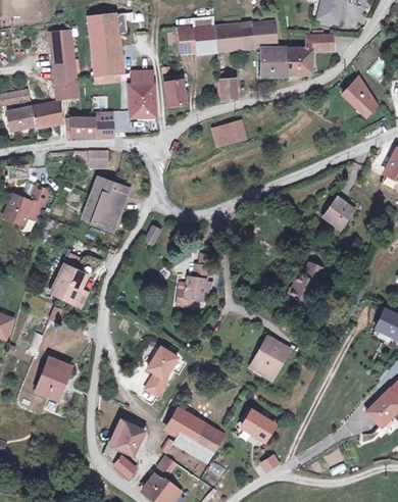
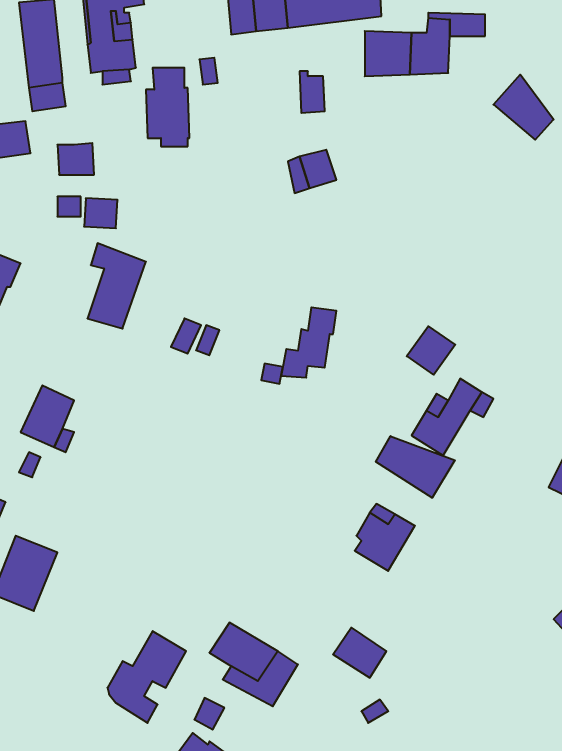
building: [171,80,191,105] -> none
building: [94,110,113,136] -> none
building: [320,202,350,232] -> [407,326,455,375]
building: [176,263,209,306] -> [281,307,336,378]
building: none -> [376,436,455,498]
building: [143,345,177,394] -> none

